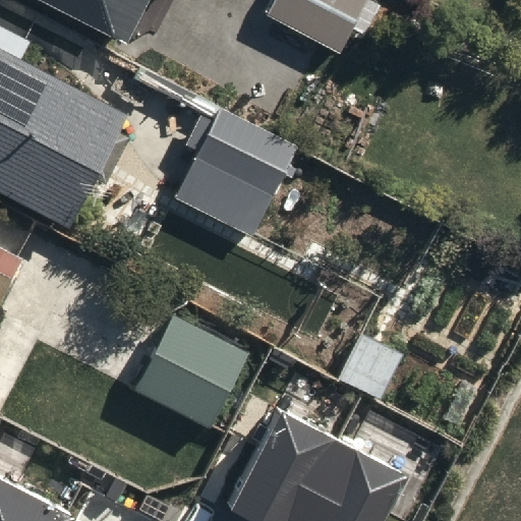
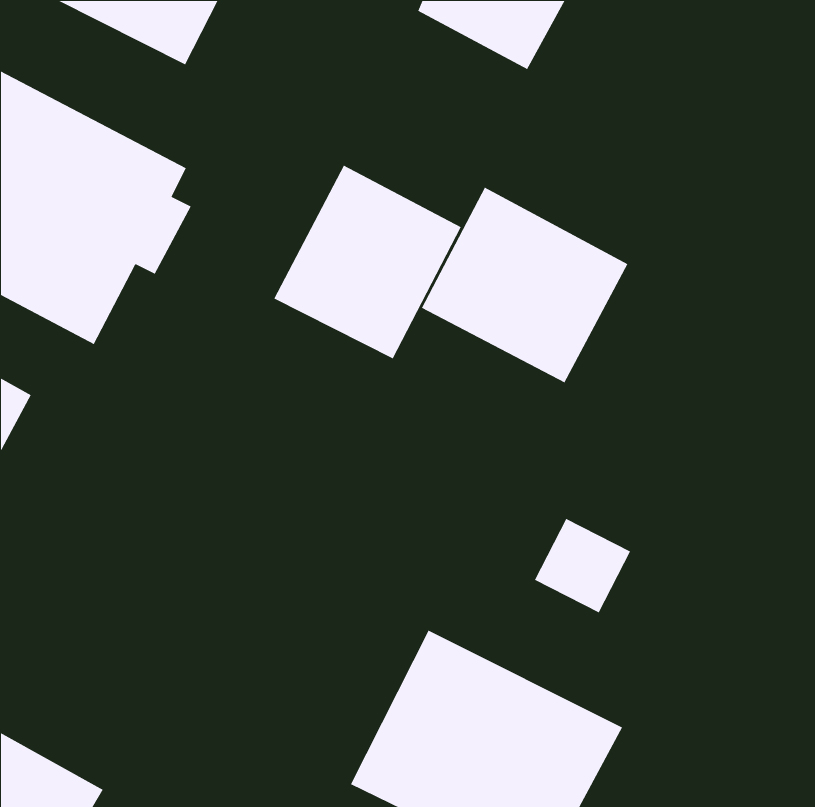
building: none -> [421,187,628,383]
building: [134,315,247,427] -> none

